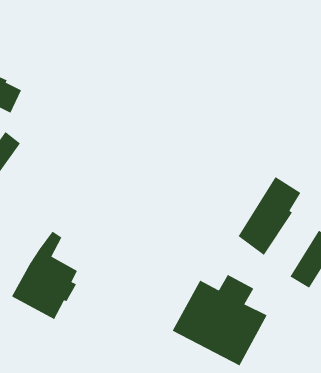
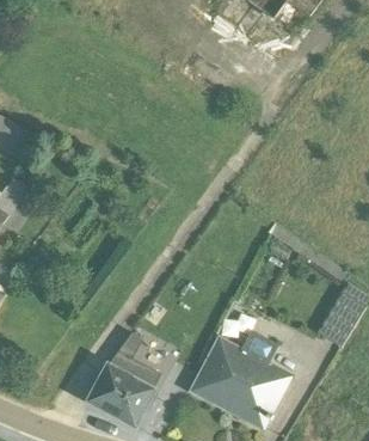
building: [238,176,301,256] -> none
building: [11,231,78,320] -> [87,331,159,427]

